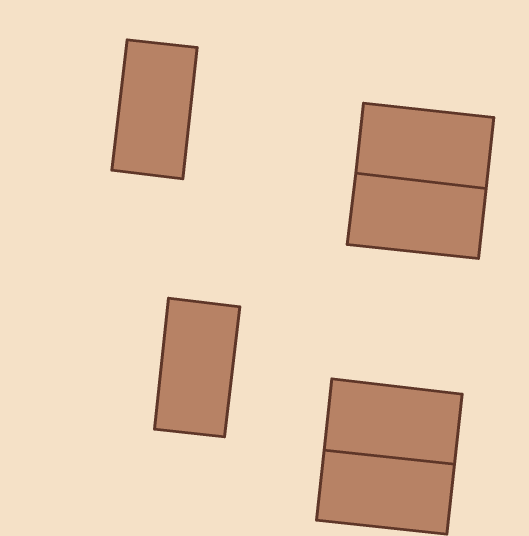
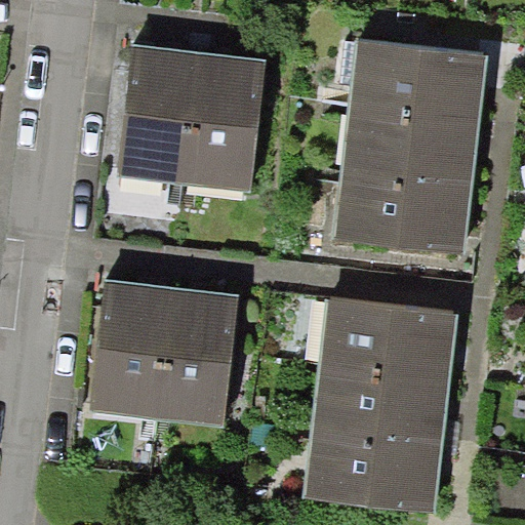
building: none -> [354,41,483,120]
building: none -> [185,54,264,185]
building: none -> [91,282,171,412]
building: none -> [324,299,454,379]

